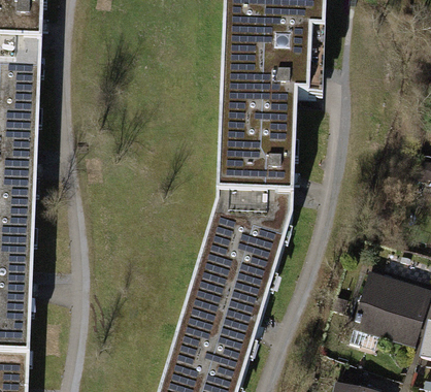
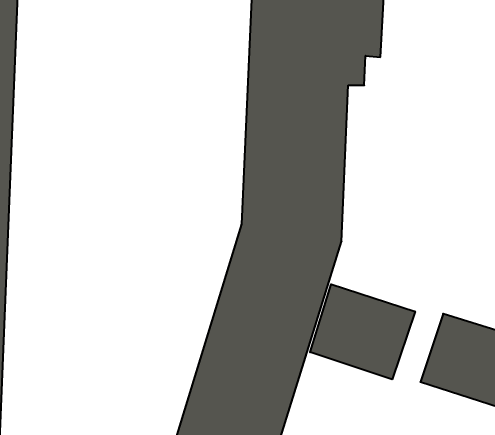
building: none -> [310,284,415,379]

